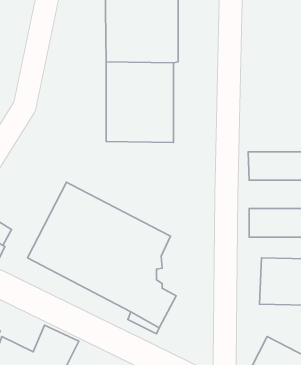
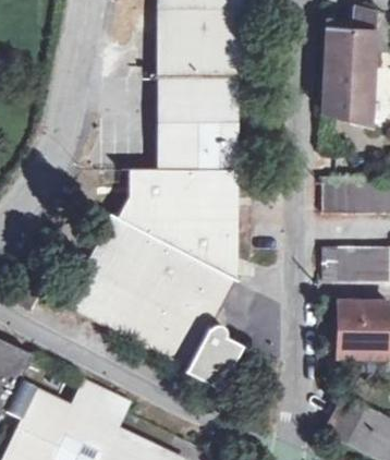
building: none -> [324,10,377,128]
building: none -> [118,168,236,279]

